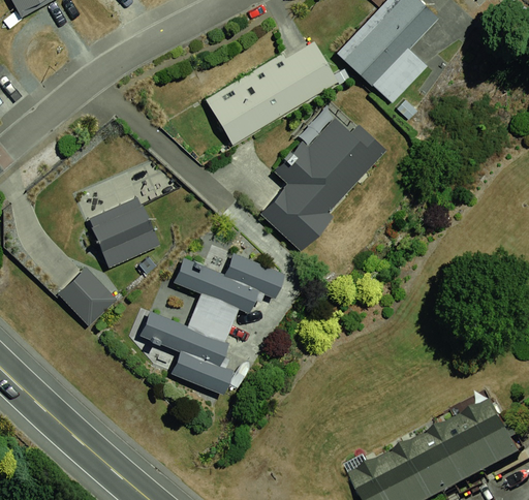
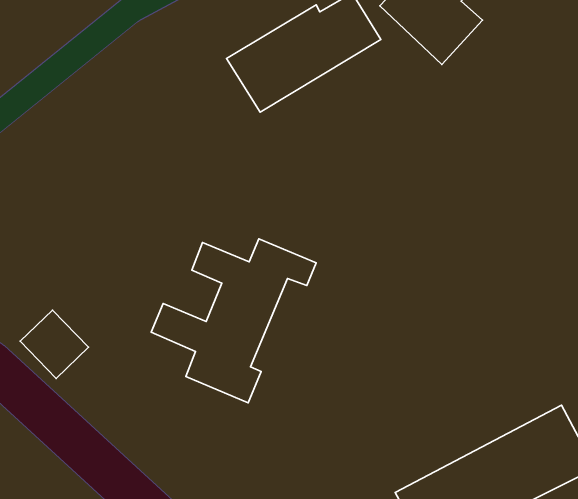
building: [257,119,386,252] -> none
building: [88,196,159,267] -> none
building: [57,267,116,325] -> [20,310,88,378]

